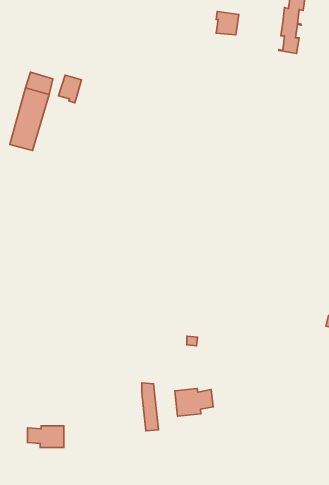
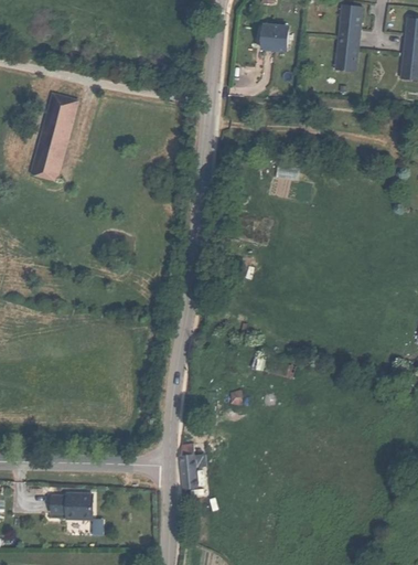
building: [59,75,82,103] -> none
building: [175,389,213,416] -> none

